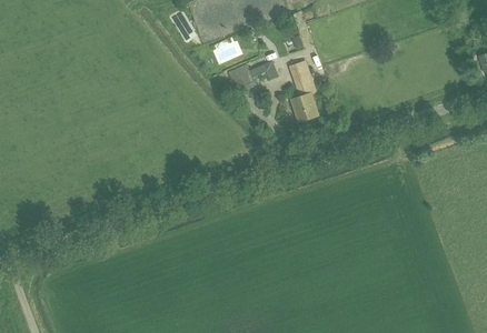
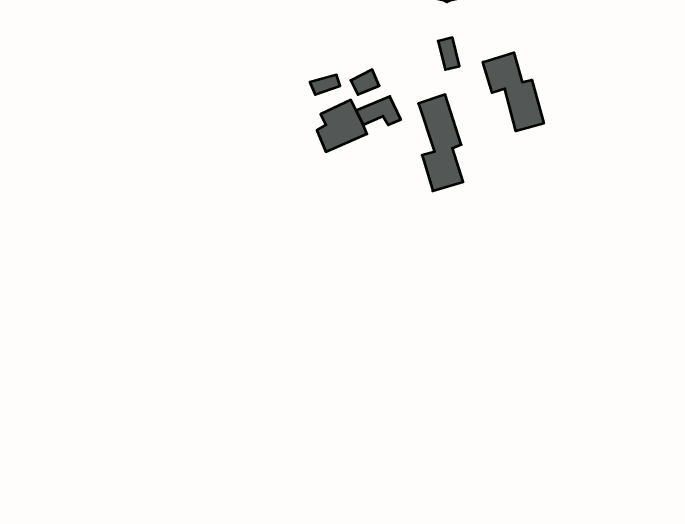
building: none -> [483,53,544,131]

